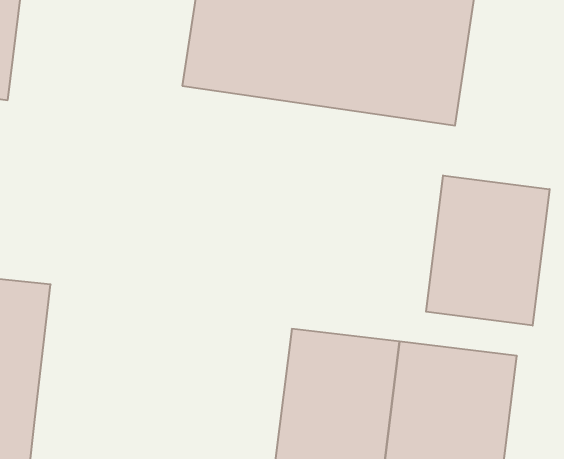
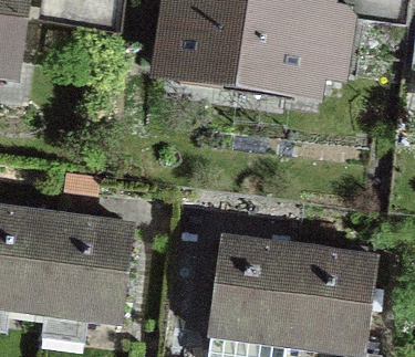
building: [426,175,550,326] -> none
building: none -> [43,211,137,314]

